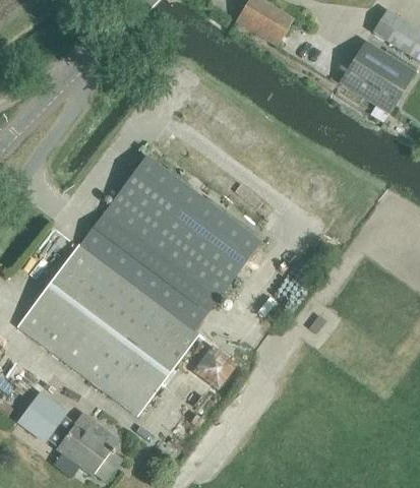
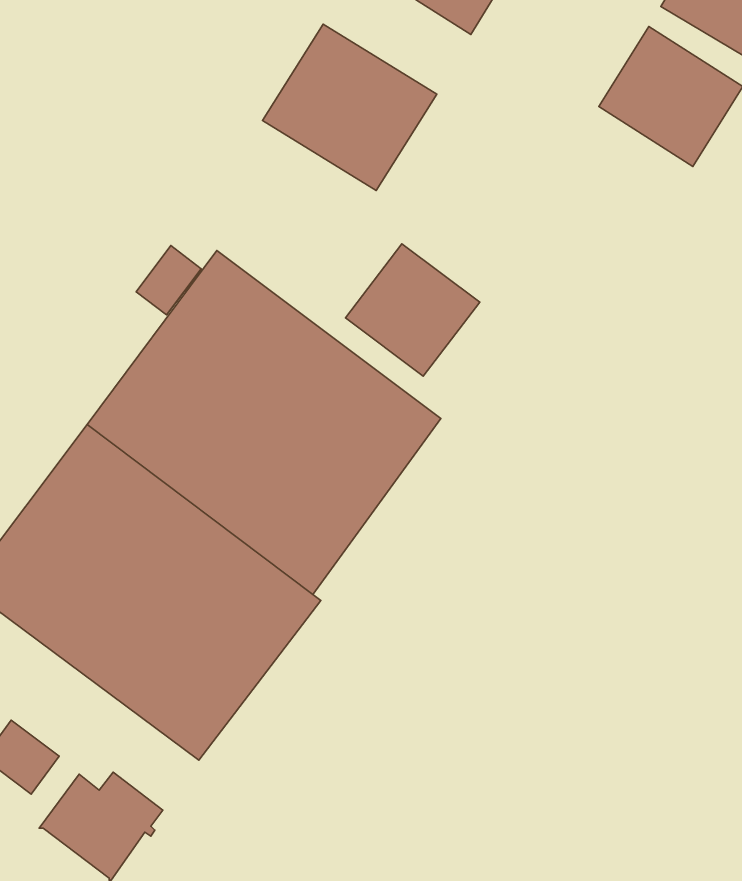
building: none -> [263,24,437,191]
building: none -> [345,244,480,376]
building: none -> [136,246,201,315]

